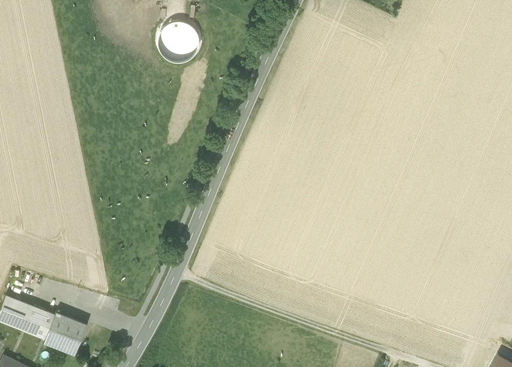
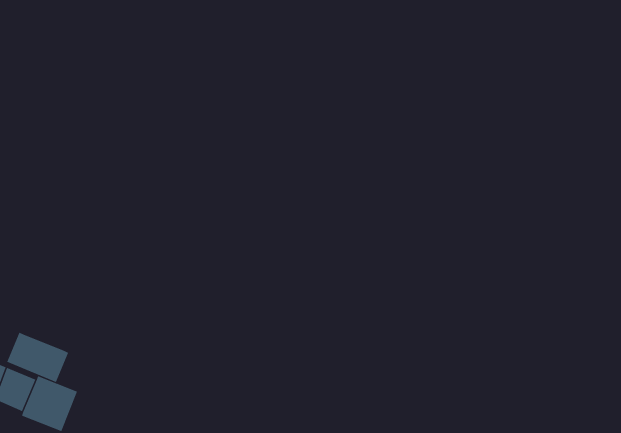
building: none -> [7,332,69,383]

